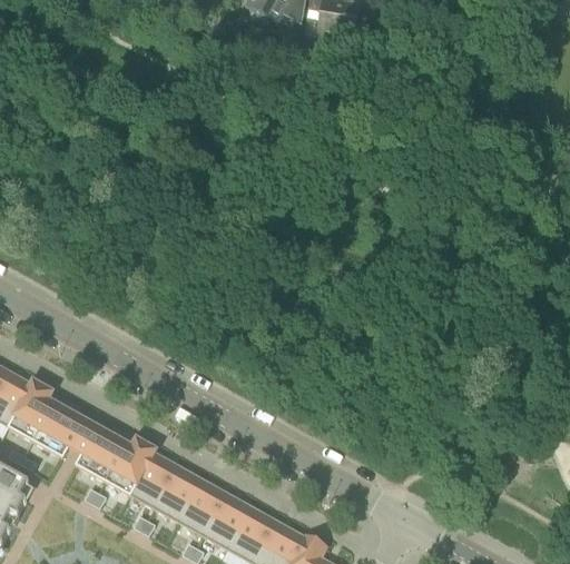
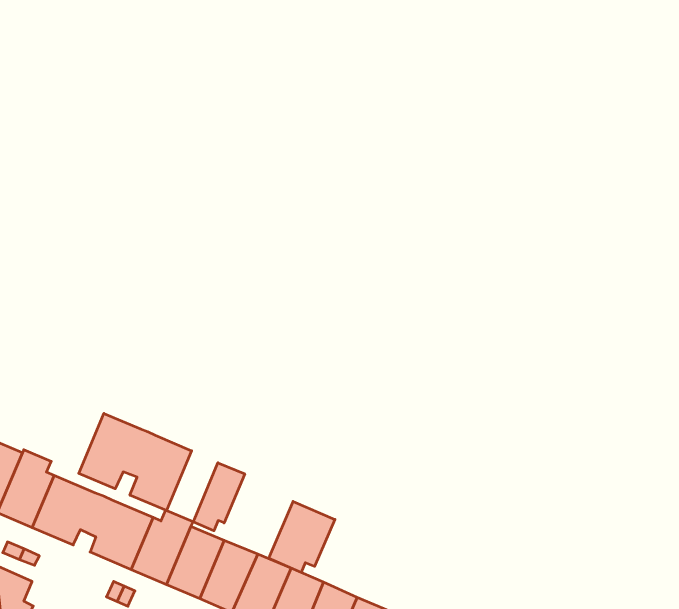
building: none -> [79,413,192,511]
building: none -> [193,463,245,531]
building: none -> [269,501,335,572]

